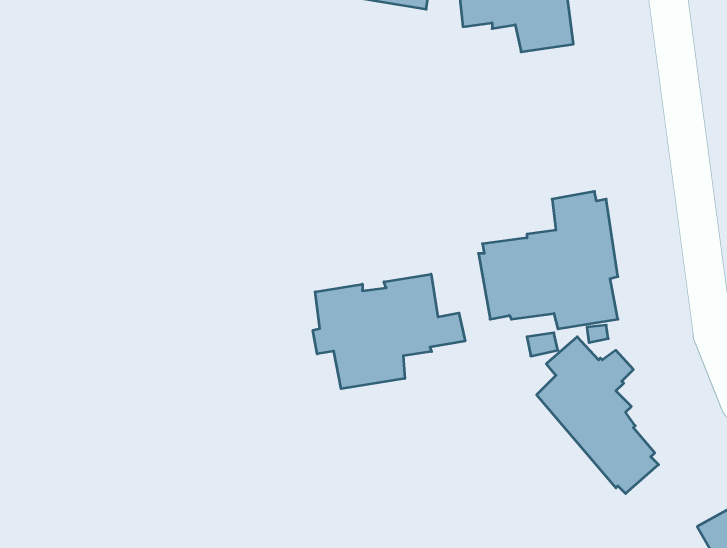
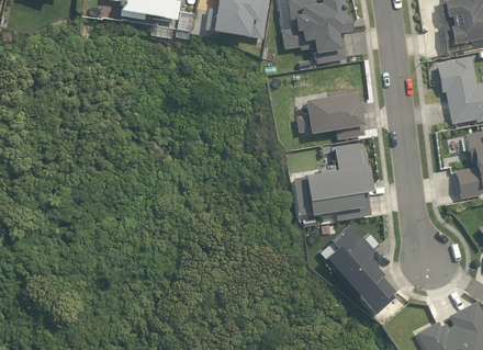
building: none -> [296,90,366,139]
building: [313,274,465,389] -> none

